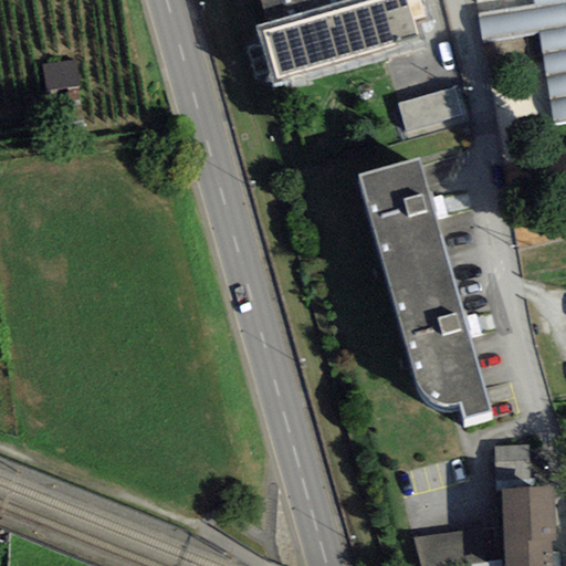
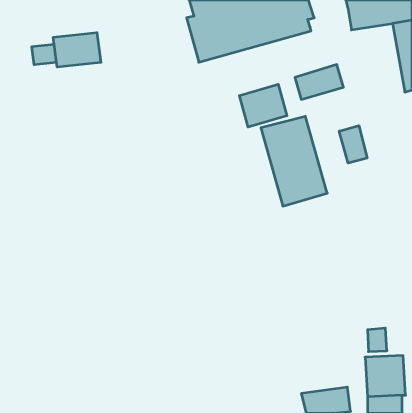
building: none -> [53,33,101,67]
building: none -> [239,84,287,127]
building: none -> [339,126,367,163]
building: [387,264,490,421] -> none

